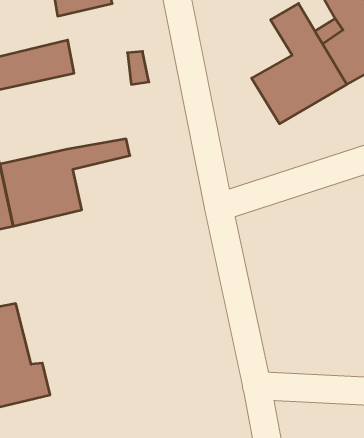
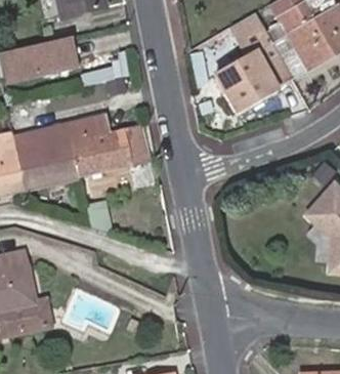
building: none -> [71,128,145,177]

